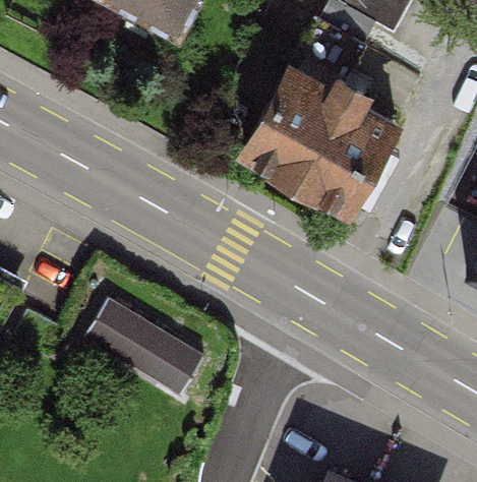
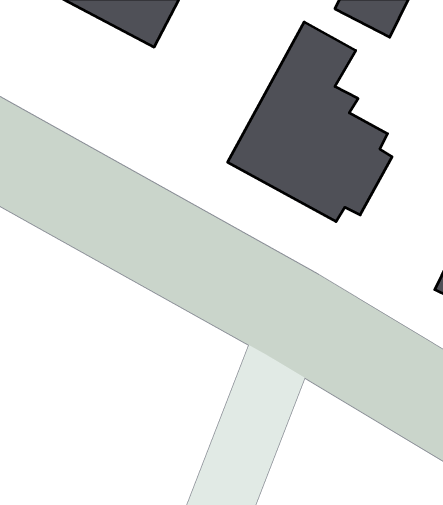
building: [83,289,208,395] -> none

